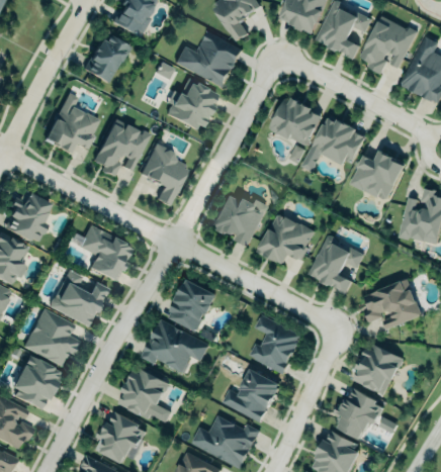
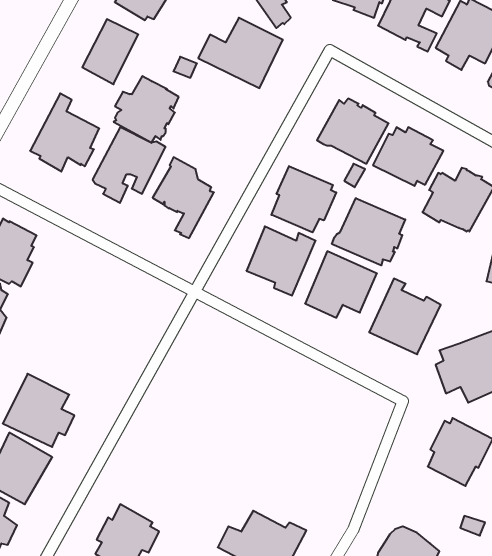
building: [167,78,217,129] -> [114,76,179,143]
building: none -> [271,166,336,232]
building: none -> [332,198,405,265]
building: [71,224,133,281] -> none
building: [47,264,111,329] -> none
building: [169,279,216,332] -> none
building: [249,317,301,375] -> none
building: [138,318,208,377] -> none
building: [118,368,171,422] -> none
building: [222,369,279,423] -> none
building: [338,390,385,441] -> none

